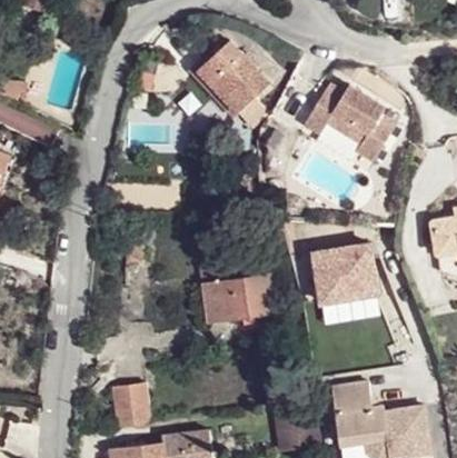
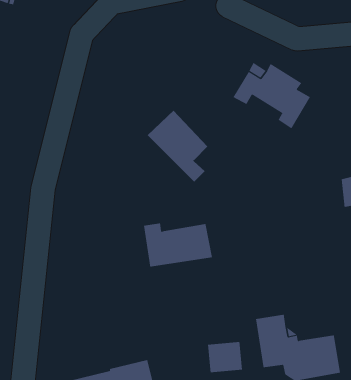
building: [196,41,268,127] -> [147,110,208,182]
building: [308,245,386,311] -> none
building: [108,385,148,427] -> none

